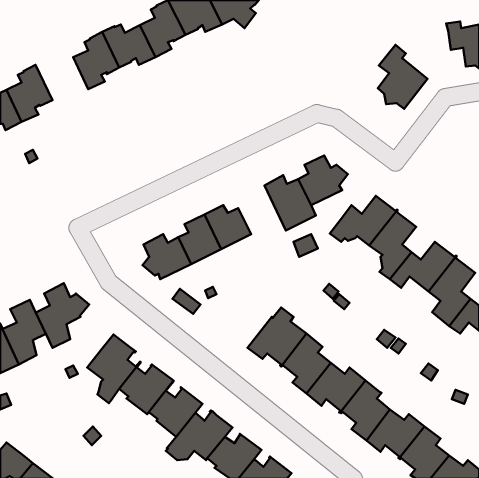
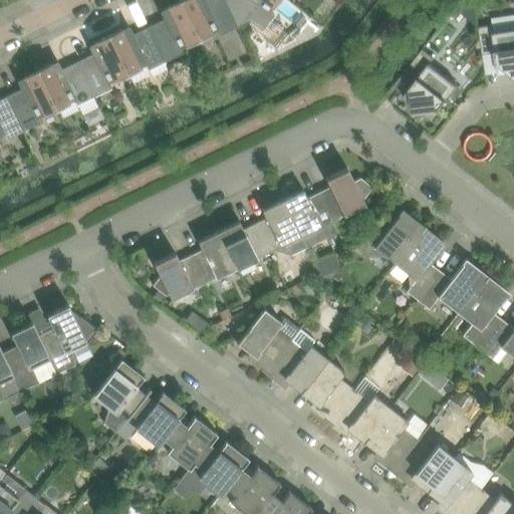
building: none -> [38,62,94,108]
building: none -> [255,200,306,255]
building: none -> [238,309,301,373]

